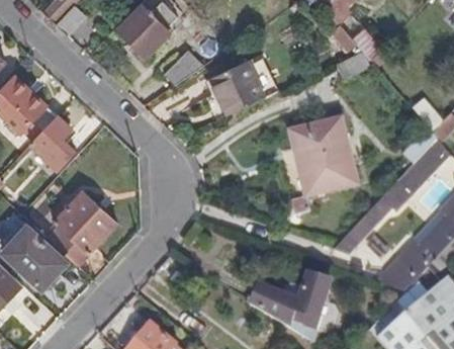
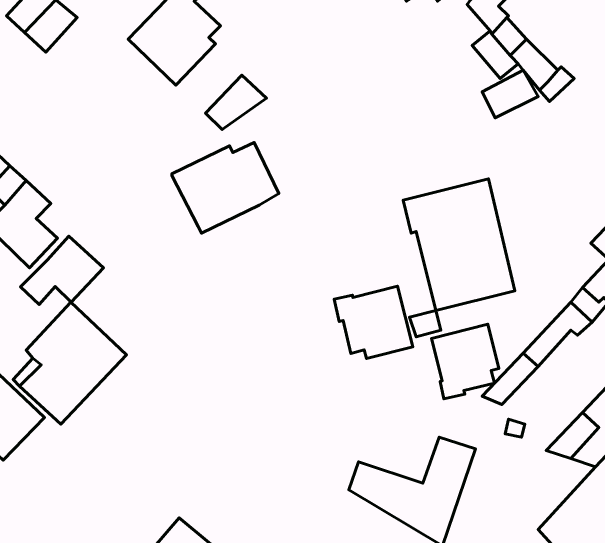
building: [210,59,276,114] -> [172,143,279,233]
building: none -> [20,236,104,305]
building: none -> [334,286,413,358]
building: none -> [432,324,499,399]

